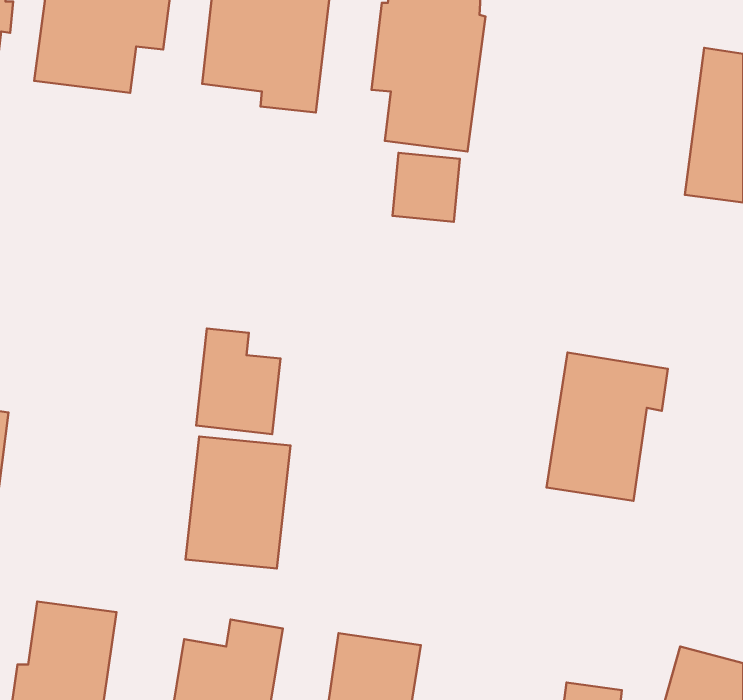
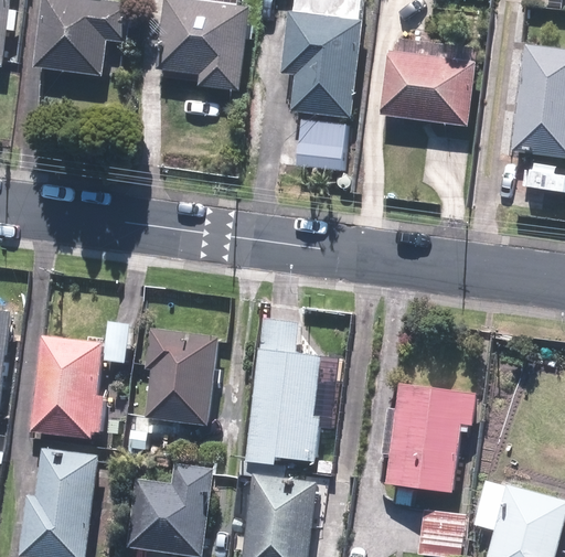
building: none -> [379,50,476,127]
building: [196,329,281,434] -> none
building: [546,352,668,501] -> [385,382,475,491]
building: none -> [245,318,327,464]
building: none -> [35,334,103,436]

